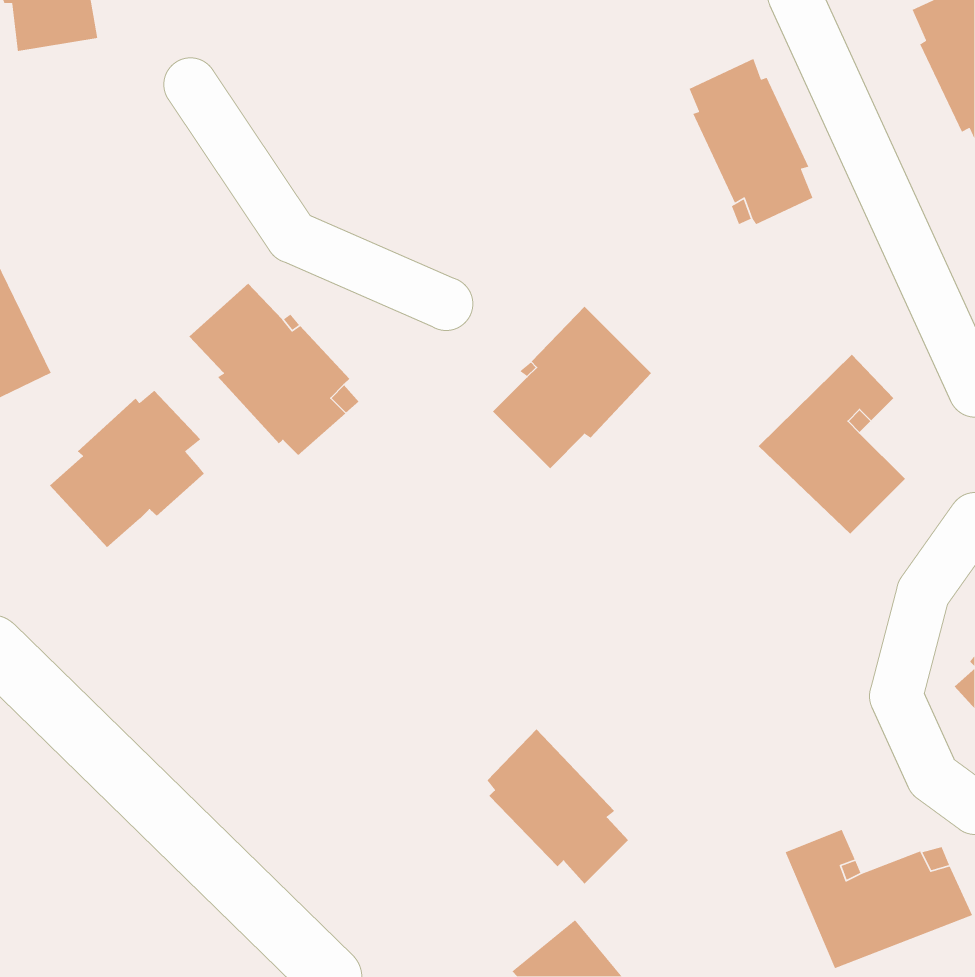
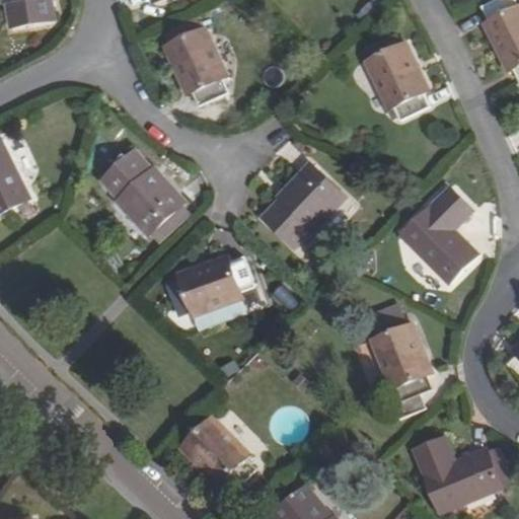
building: none -> [160,16,226,104]
building: [49,390,205,548] -> none
building: none -> [176,254,253,314]
building: none -> [371,310,432,399]
building: [486,729,629,884] -> [179,411,254,493]

